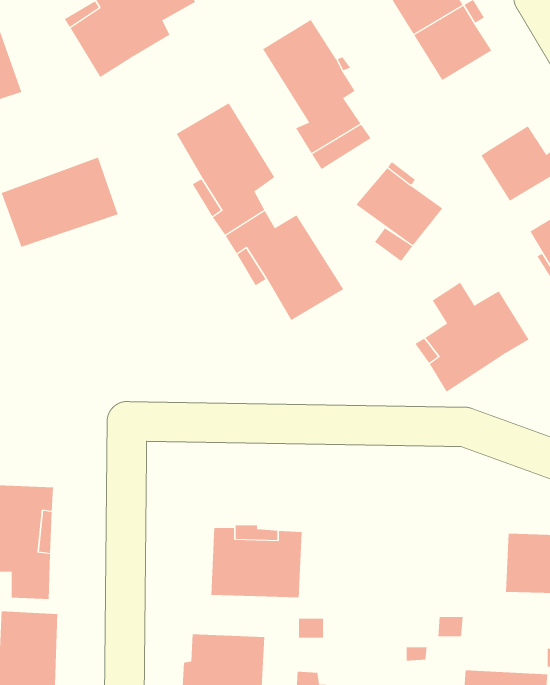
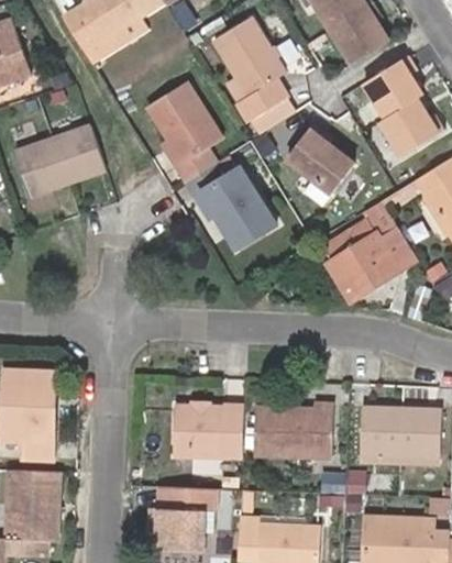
building: none -> [365,56,423,117]
building: none -> [256,406,334,456]
building: none -> [361,408,401,455]

